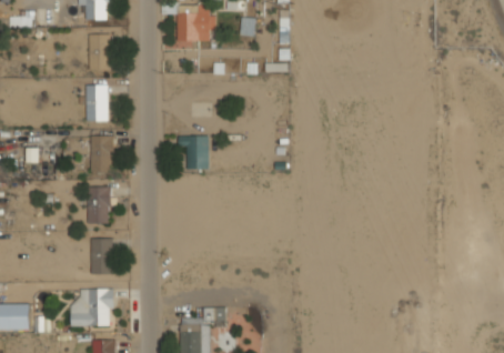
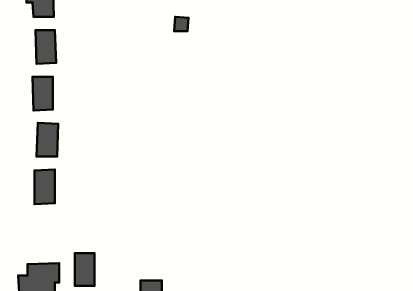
building: [178,13,215,41] -> none
building: [179,135,209,169] -> none
building: [91,239,112,274] -> [75,253,94,286]

